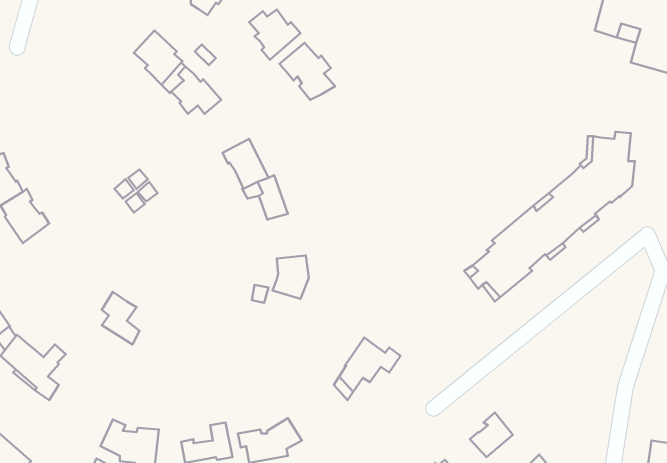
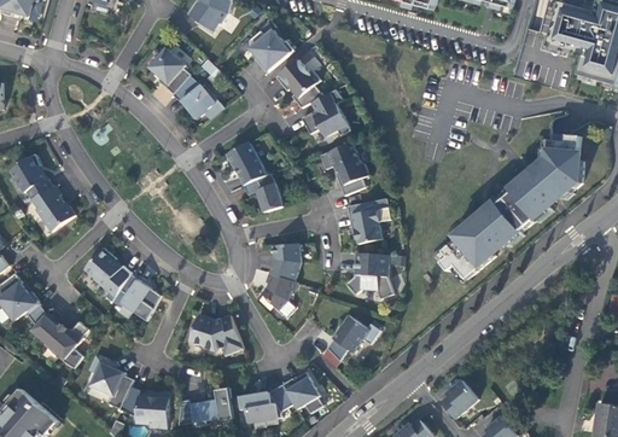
building: none -> [301,87,349,135]
building: none -> [319,141,367,194]
building: none -> [345,197,390,243]
building: none -> [83,245,130,301]
building: none -> [345,251,392,297]
building: none -> [261,272,296,309]
building: none -> [188,313,243,354]
building: none -> [88,354,132,407]
building: none -> [281,371,322,412]

